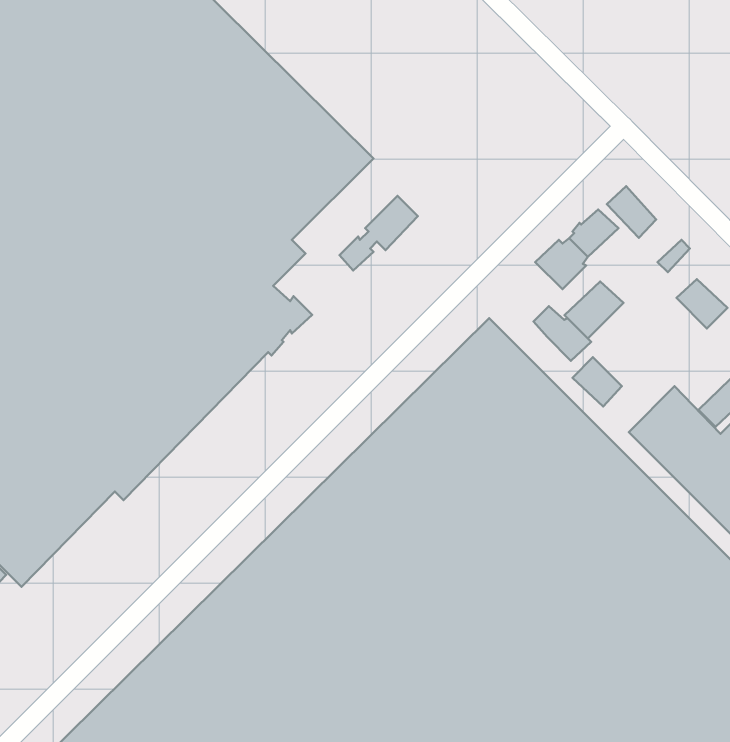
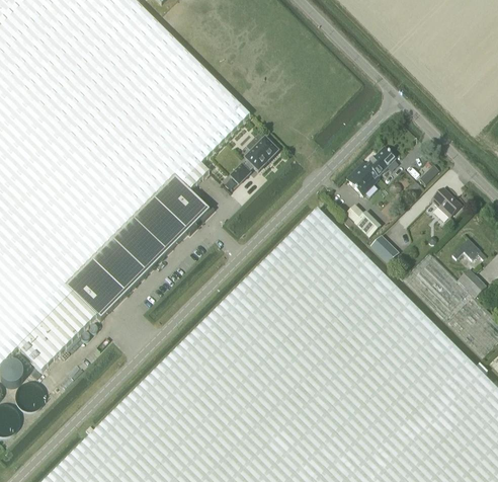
building: [607,186,656,238] -> none
building: [564,281,623,338] -> none

